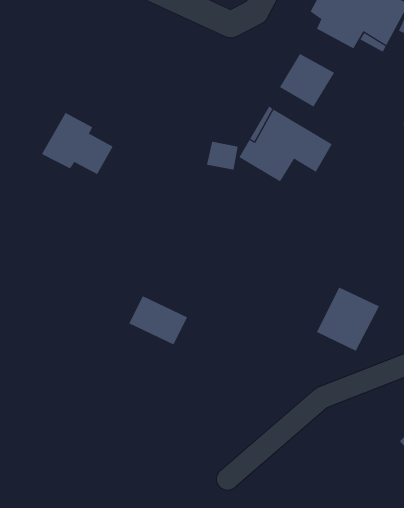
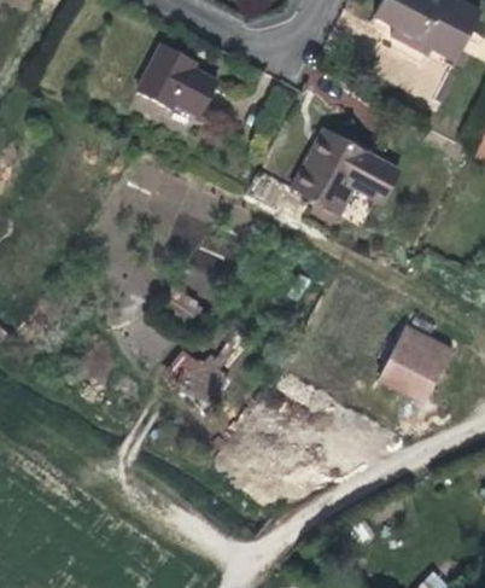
building: [279,53,335,107] -> none
building: [41,112,114,175] -> [139,41,220,111]

